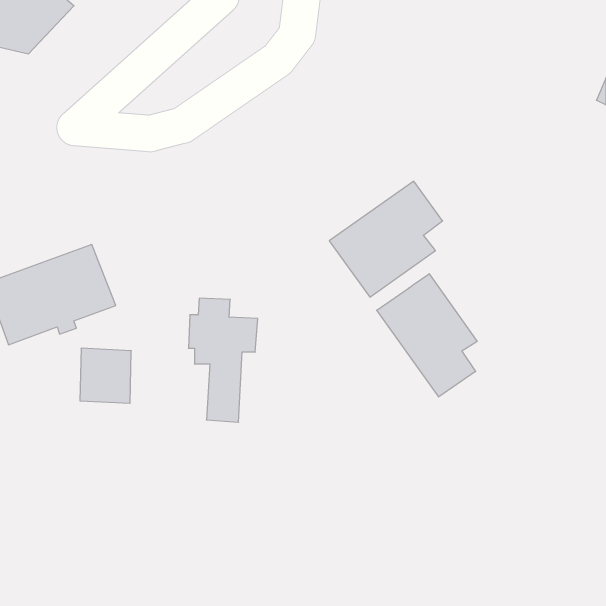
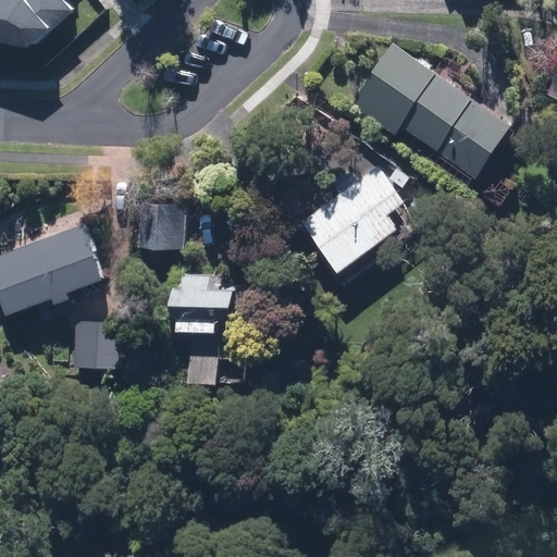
building: none -> [348,41,511,176]
building: none -> [135,203,184,257]
building: [377,274,477,397] -> none

